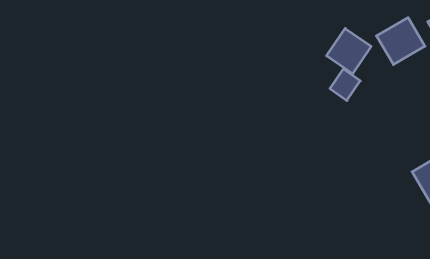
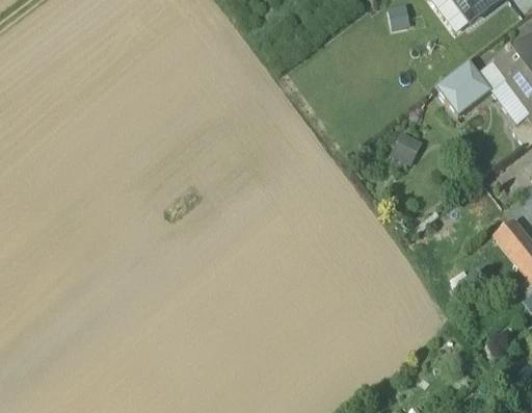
building: [327,28,371,74] -> none

